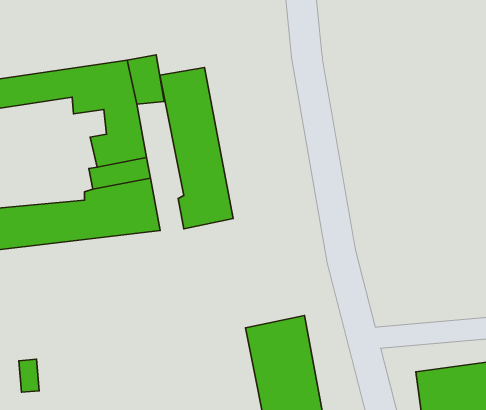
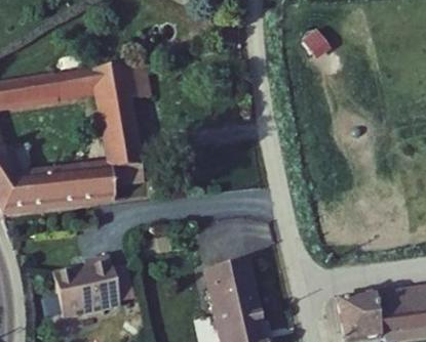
building: [160,67,233,229] -> none
building: none -> [55,257,122,316]

